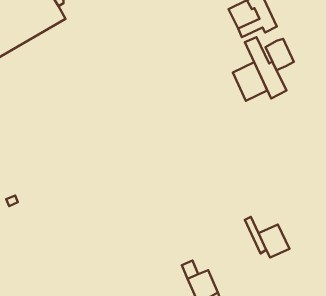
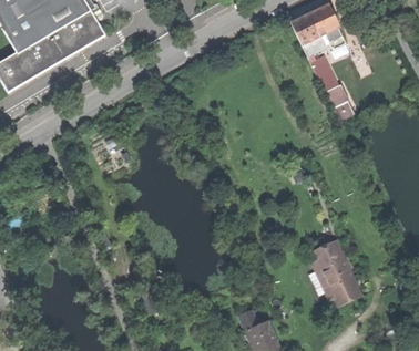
building: [266,39,294,70] -> none
building: [233,62,267,101] -> none
building: none -> [311,240,347,278]

